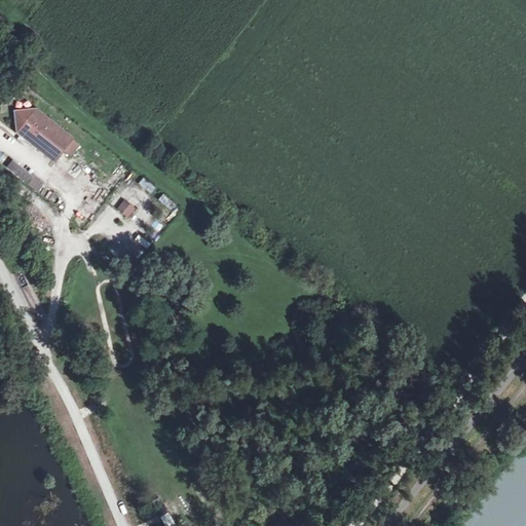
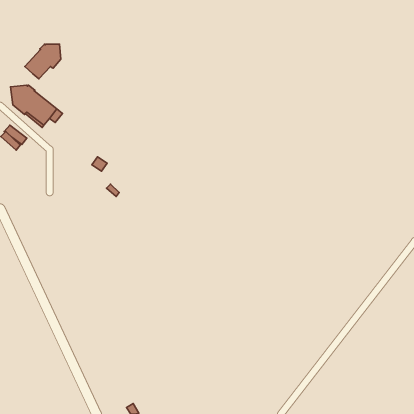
building: none -> [25,44,61,79]

